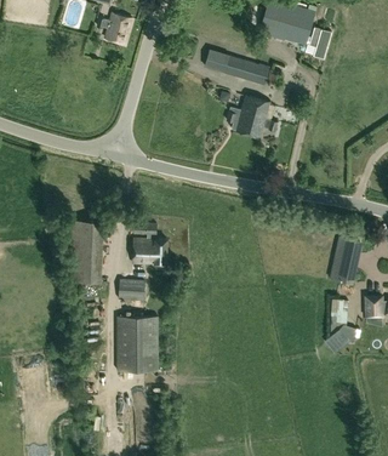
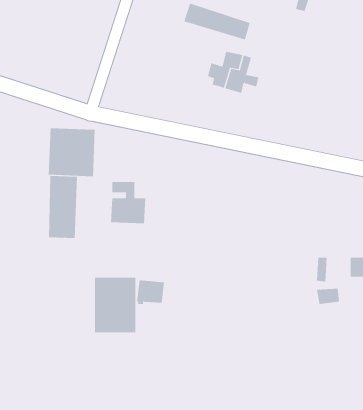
building: none -> [48,127,95,177]
building: [330,235,363,284] -> none
building: [118,278,146,302] -> [136,280,165,305]

